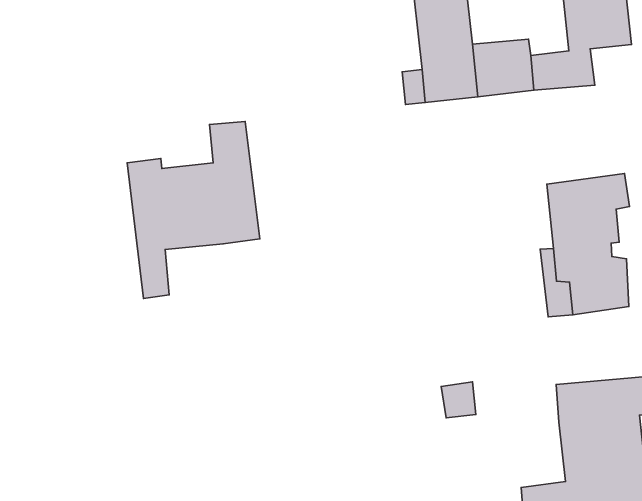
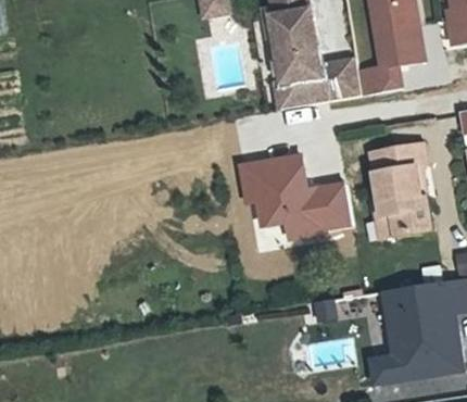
building: [127,122,260,298] -> none
building: none -> [235,148,341,231]

